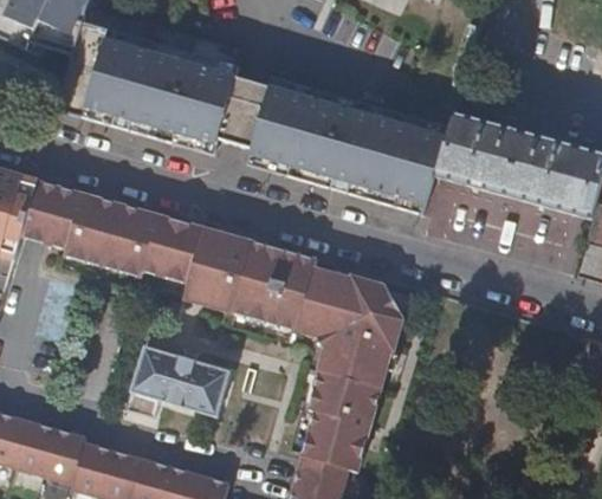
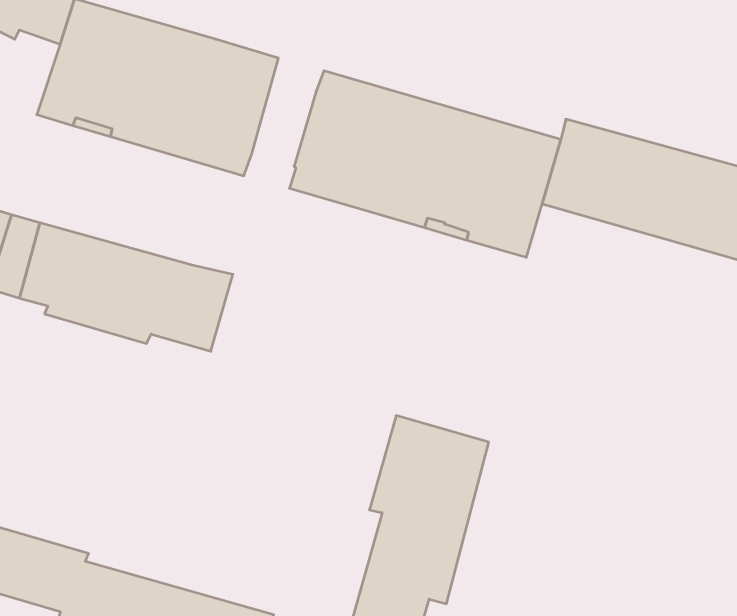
building: [215,64,270,145] -> none
building: [182,227,404,354] -> none
building: [122,348,225,438] -> none

